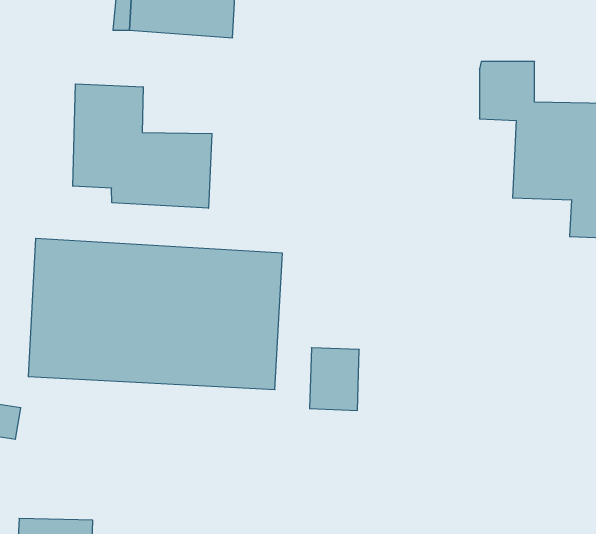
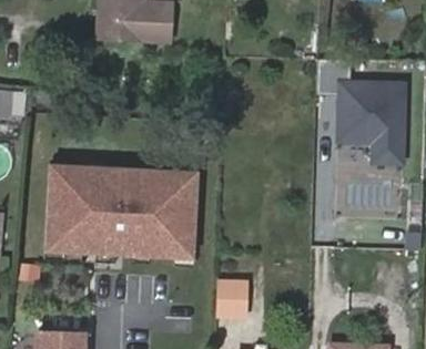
building: [73,84,212,208] -> none
building: [310,348,359,410] -> [217,280,247,318]

